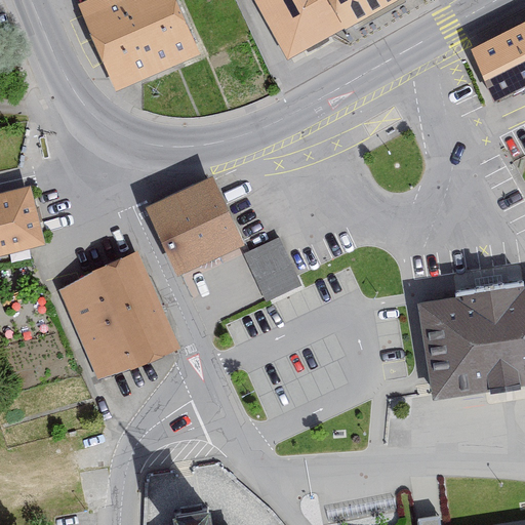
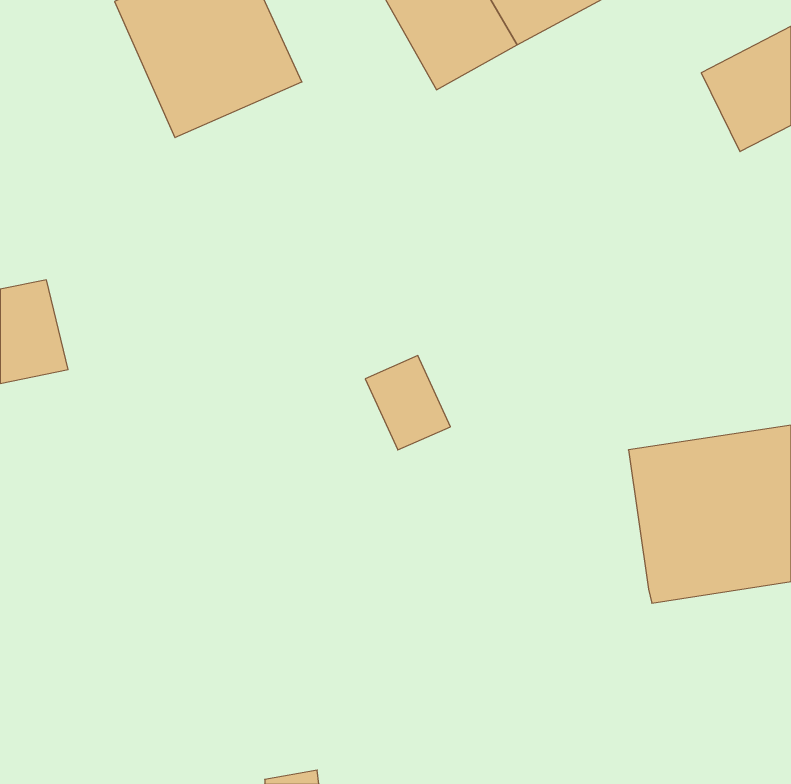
building: [153,178,247,273] -> none
building: [58,249,179,379] -> none

